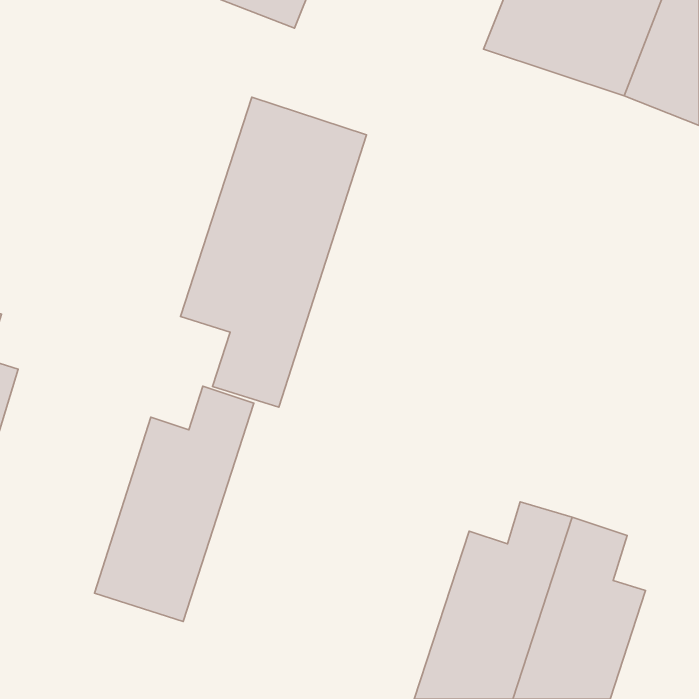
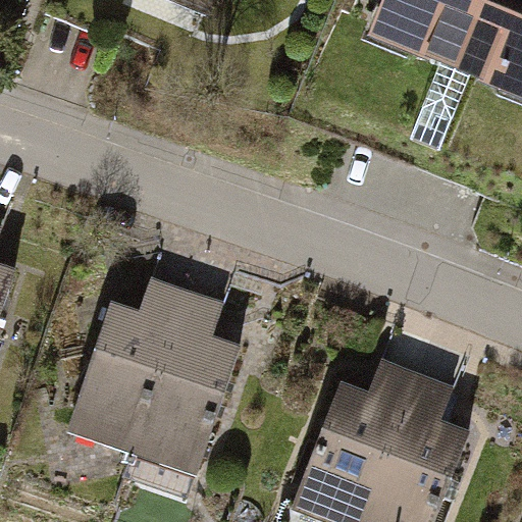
building: [180,97,367,407] -> none
building: none -> [133,292,237,470]

